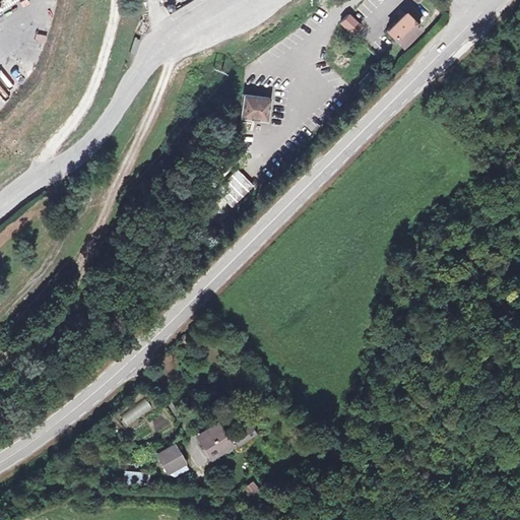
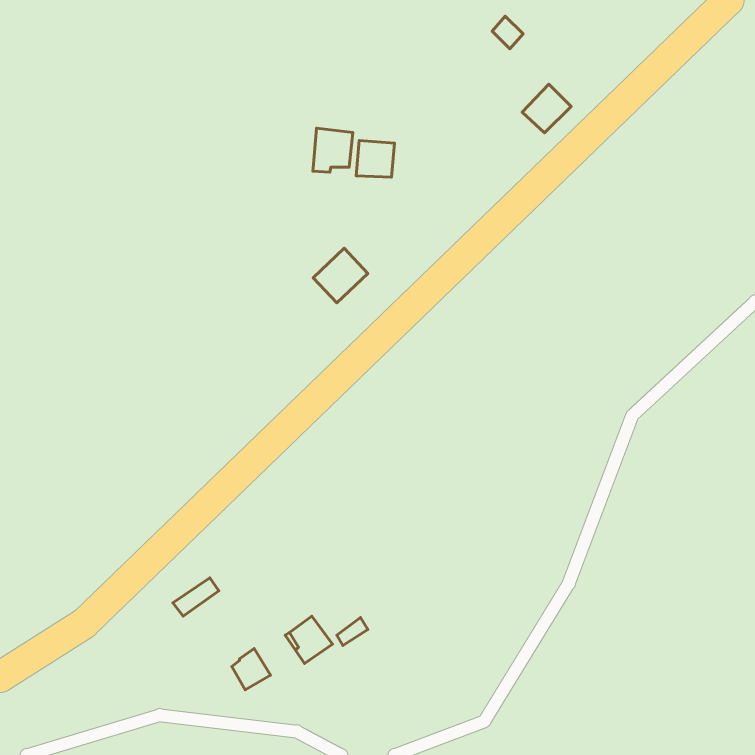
building: [390,15,424,49] -> [522,84,571,133]
building: none -> [313,128,353,172]

